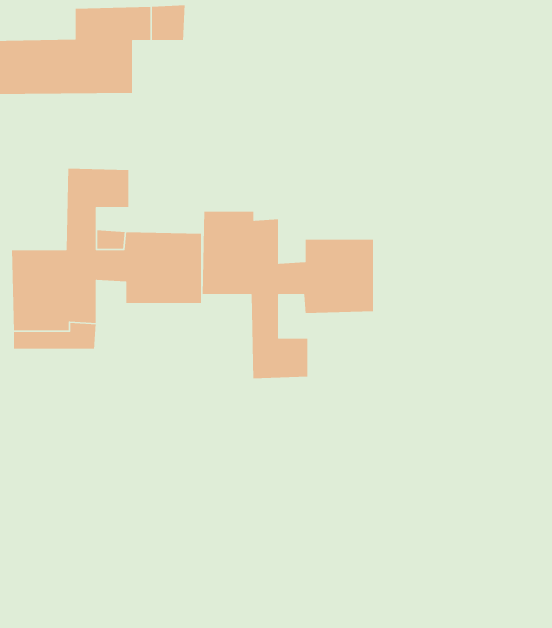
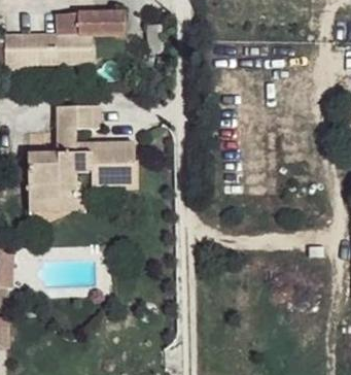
building: [202,211,374,379] -> none

